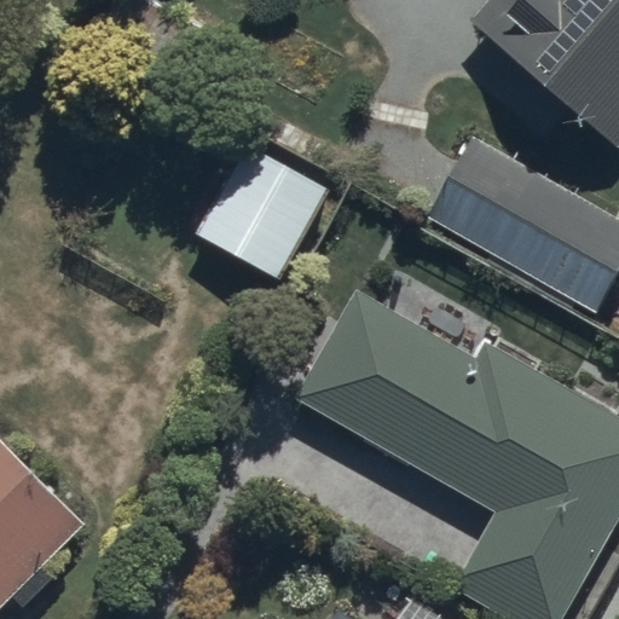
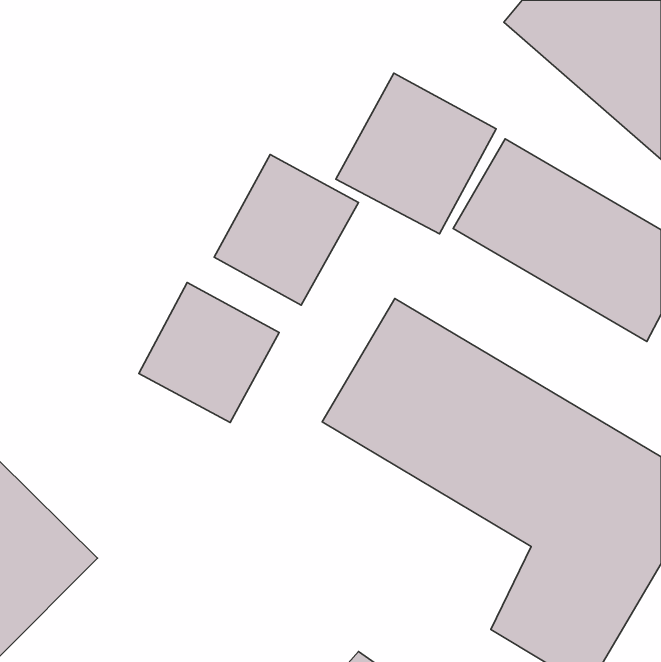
building: none -> [336,73,496,234]
building: none -> [139,282,279,422]

